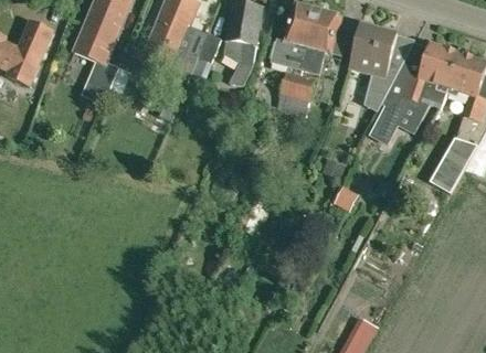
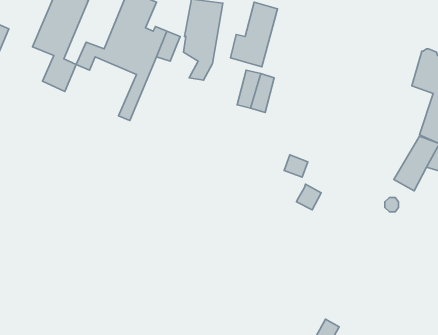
building: [300,11,346,73] -> none
building: [348,24,414,104] -> none
building: [371,43,458,141] -> none

